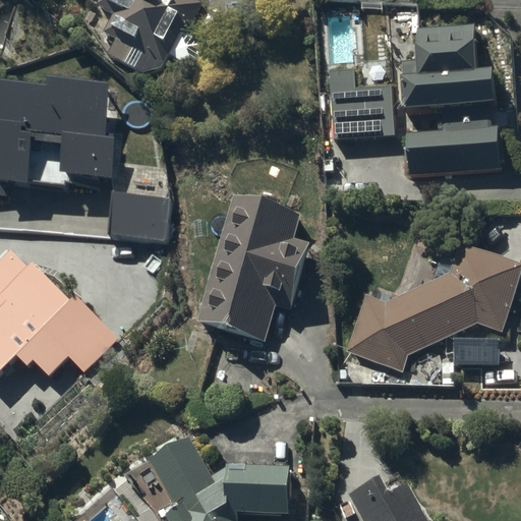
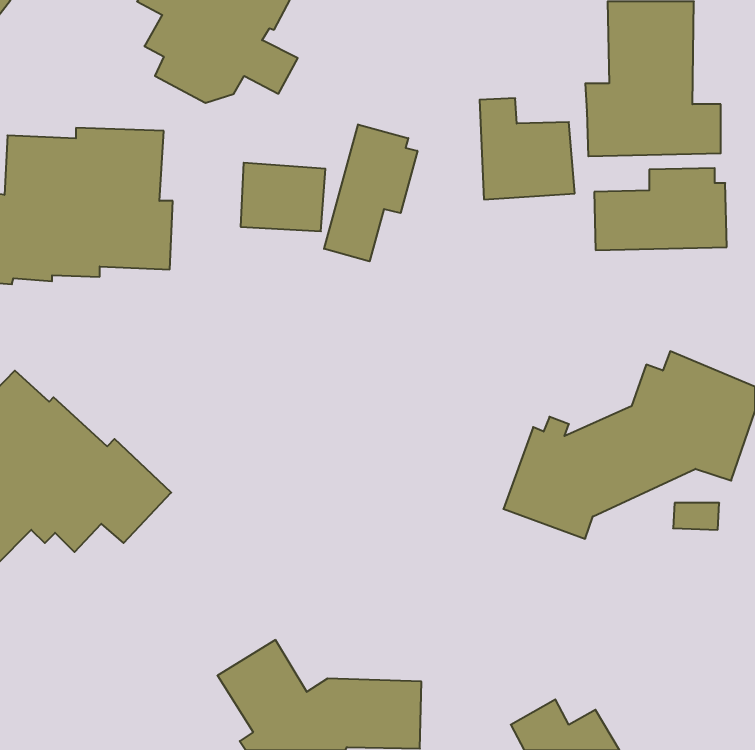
building: none -> [324,124,417,261]
building: [197,195,306,339] -> none
building: [113,197,171,244] -> [241,163,325,231]

